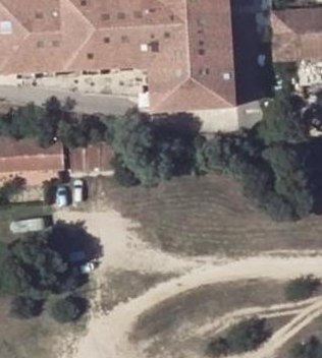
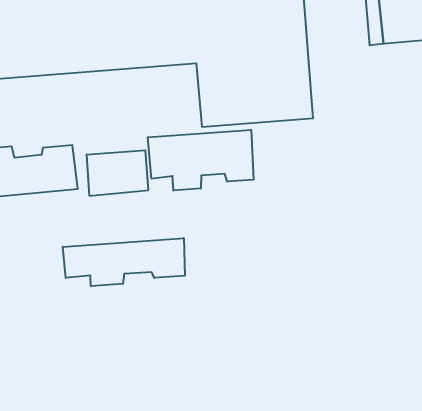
building: none -> [148,130,253,191]
building: none -> [63,238,185,286]

